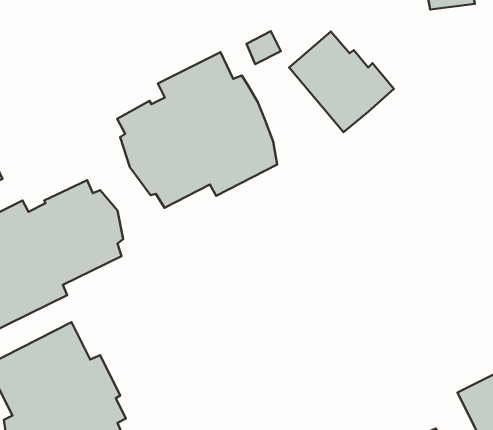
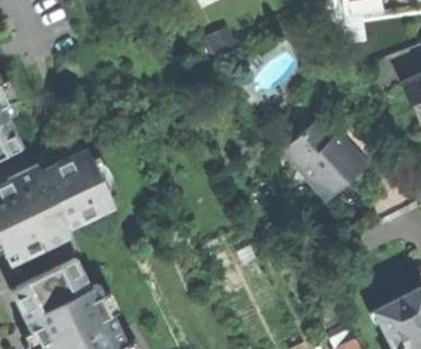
building: [289,32,394,132] -> [287,122,367,199]
building: [117,52,277,208] -> none

